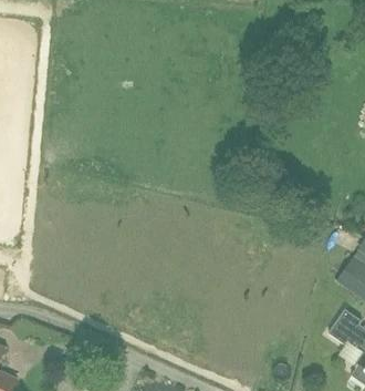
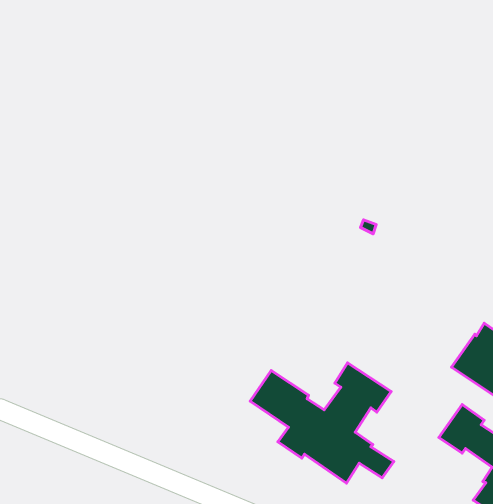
building: none -> [250,363,394,483]

